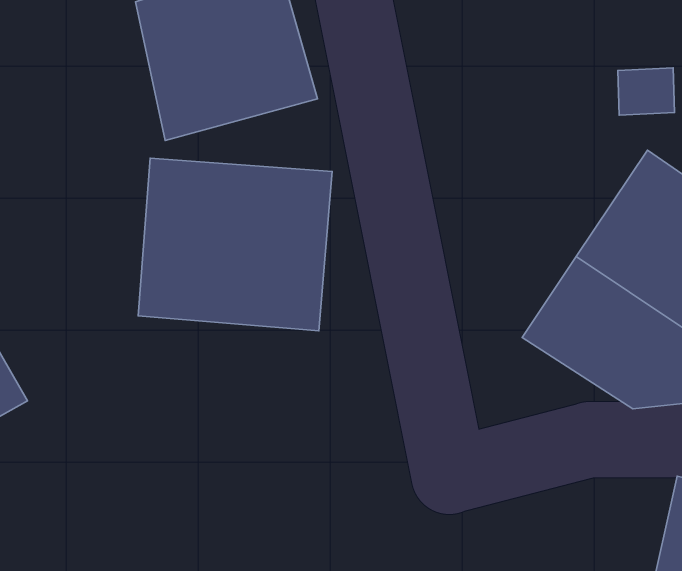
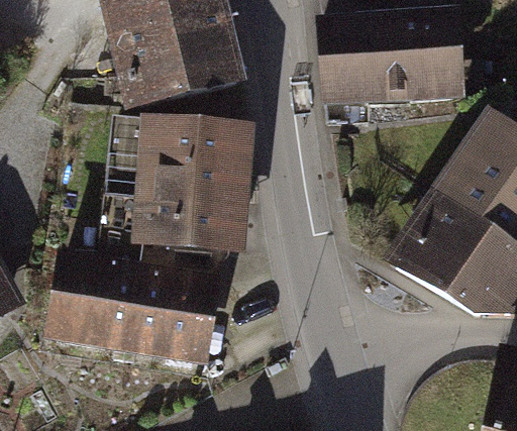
building: none -> [324,11,455,94]
building: none -> [50,255,217,359]

